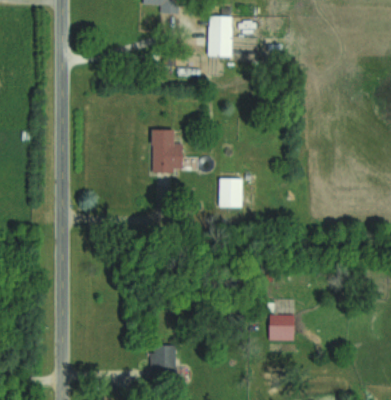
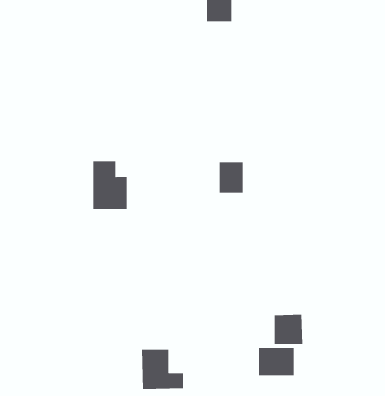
building: [151,129,182,172] -> [92,161,127,209]
building: none -> [258,347,294,376]

